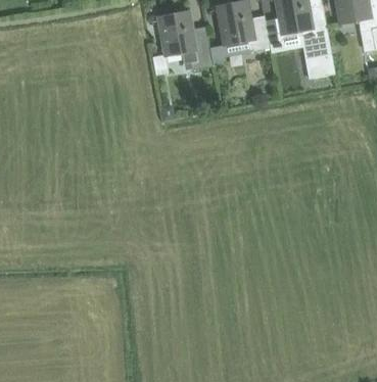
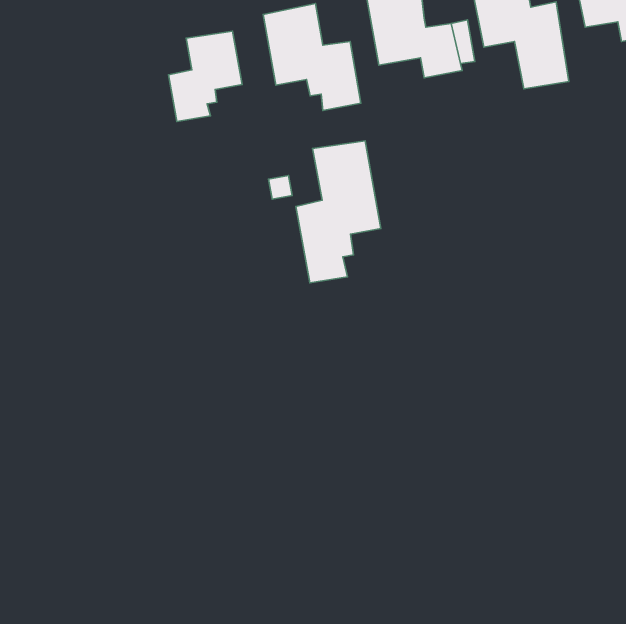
building: none -> [168,31,242,122]
building: none -> [296,141,381,283]

